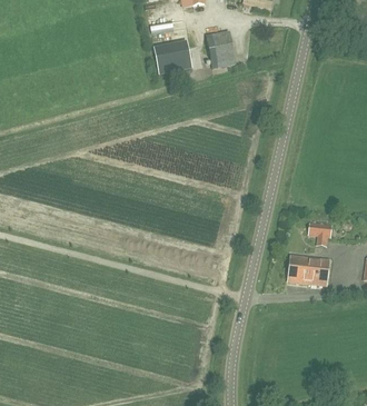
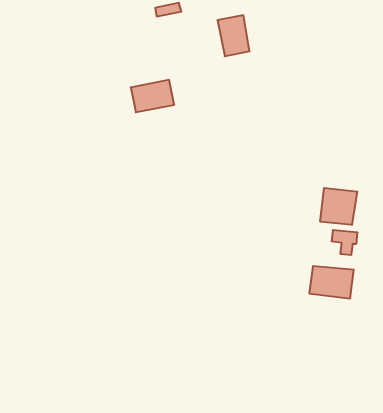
building: [153,44,192,73] -> [131,80,174,112]
building: none -> [320,188,357,225]

